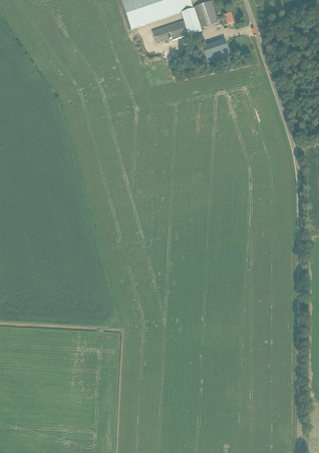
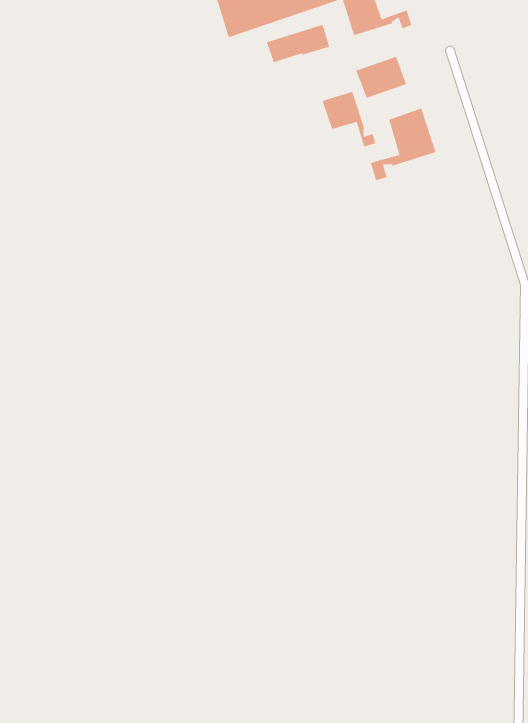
building: none -> [321,91,377,148]
building: none -> [370,108,436,181]

